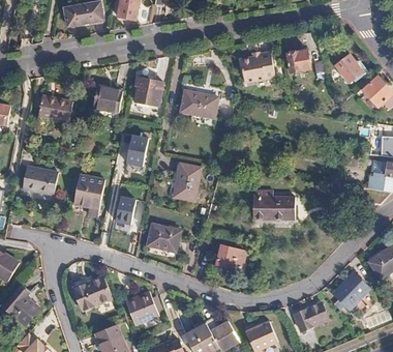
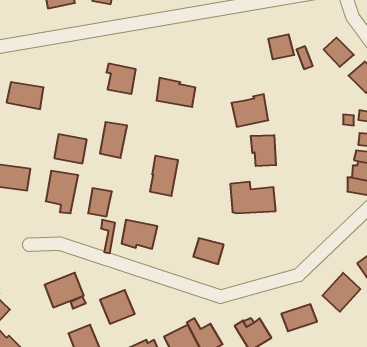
building: [237,52,272,83] -> [231,94,268,127]
building: [89,84,120,112] -> [54,134,87,163]
building: none -> [251,135,276,166]

